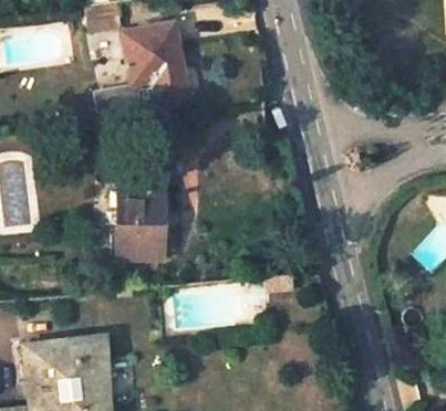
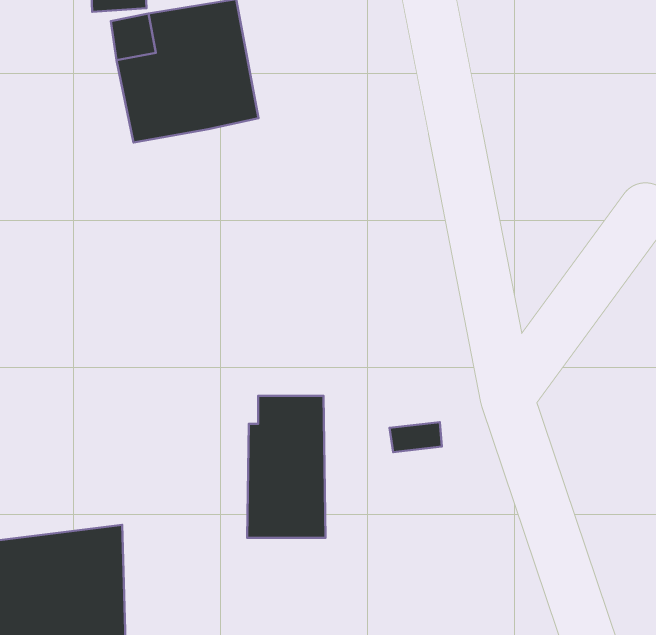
building: [121,173,167,257] -> [247,396,325,538]

